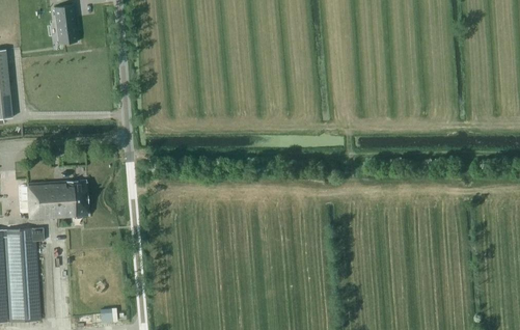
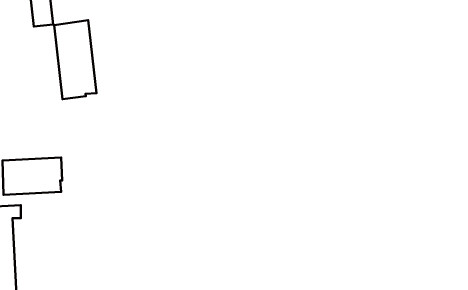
building: none -> [54,20,97,99]

